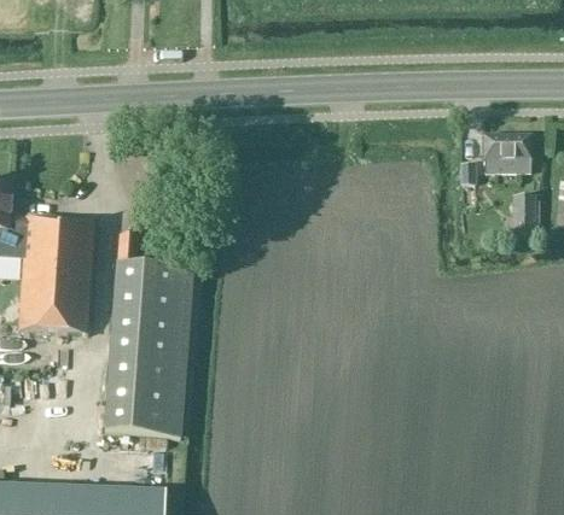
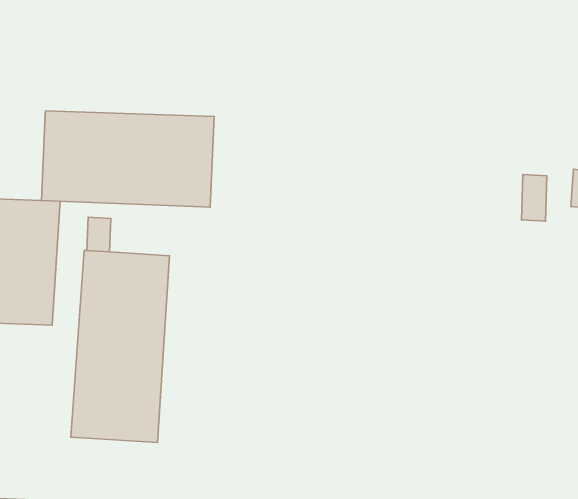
building: [483,135,530,171] -> none
building: none -> [42,111,214,207]

